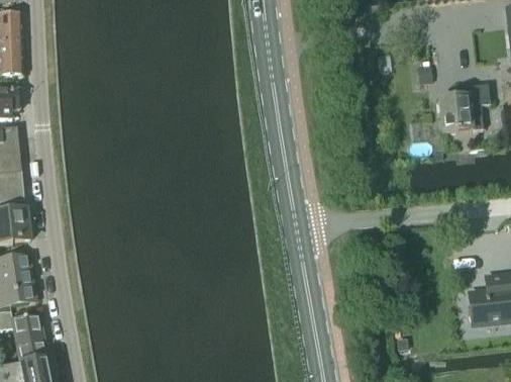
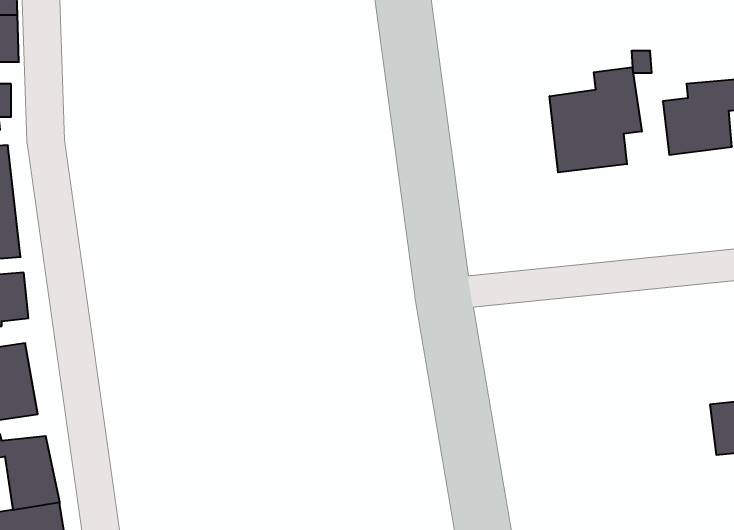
building: none -> [550,67,642,172]

